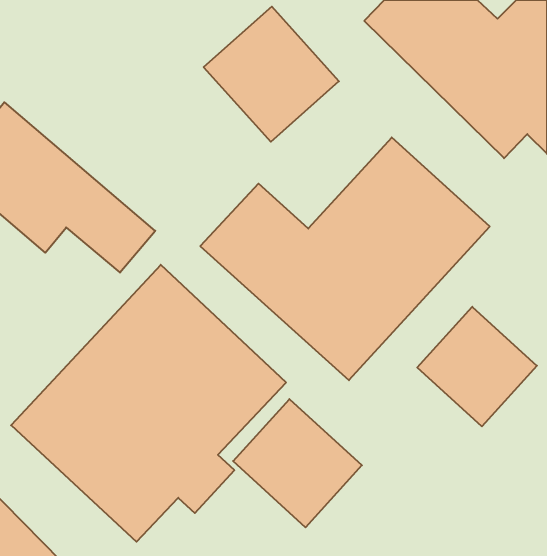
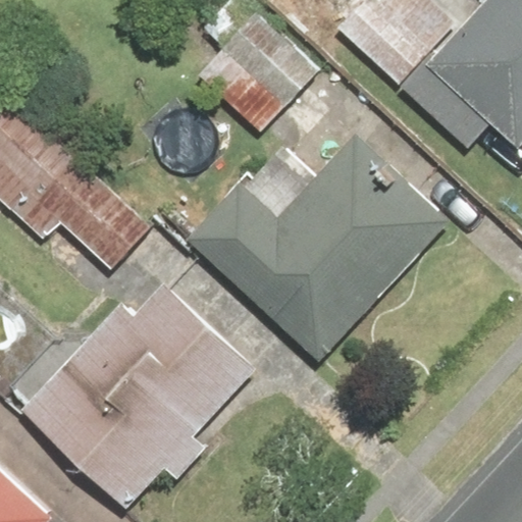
building: [417,307,537,426] -> none
building: [233,399,362,527] -> none

